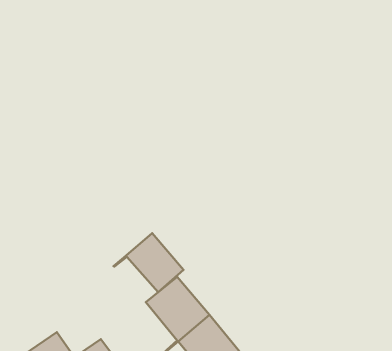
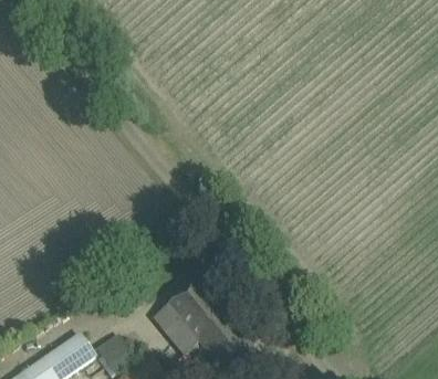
building: [113,233,183,292] -> none

